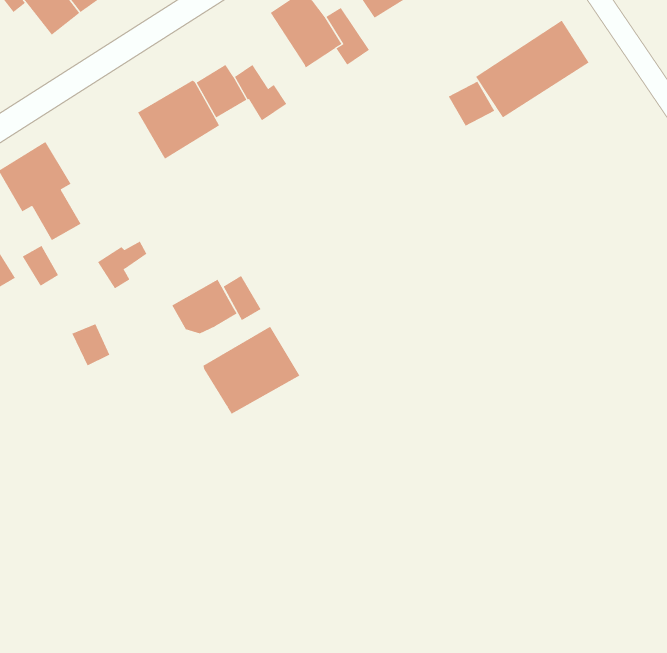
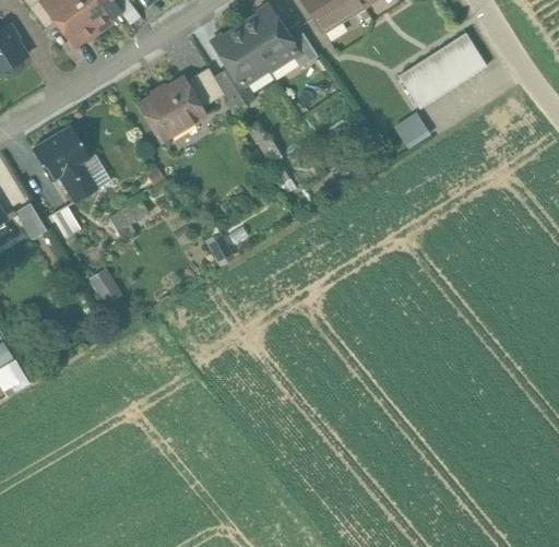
building: none -> [219,27,267,85]
building: [448,81,495,127] -> [393,110,429,145]
building: [172,279,238,334] -> none
building: [203,326,300,415] -> none

